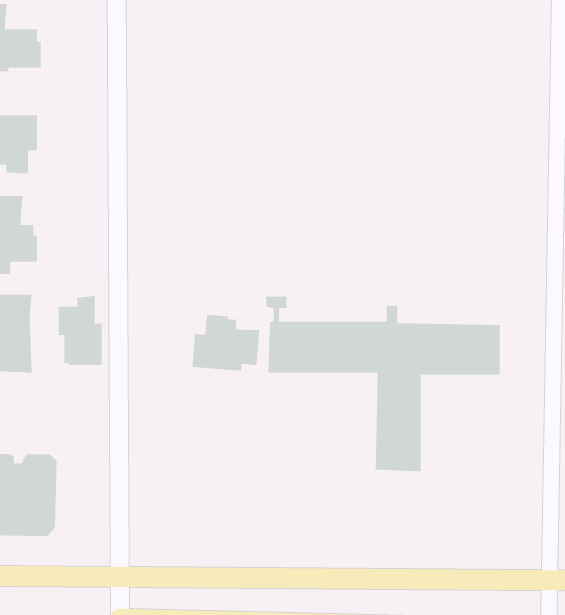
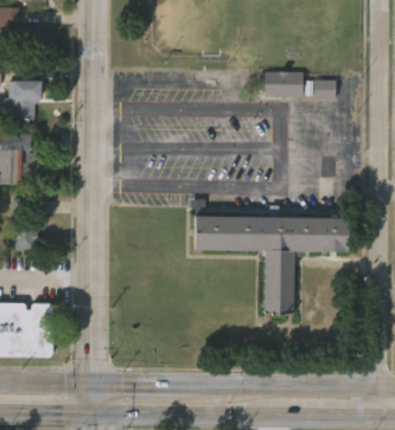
building: none -> [260,71,335,98]
building: [58,295,102,366] -> none
building: [192,314,260,371] -> none

